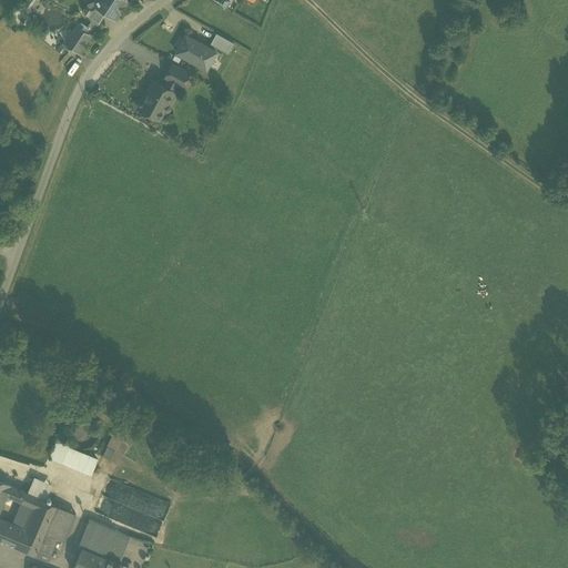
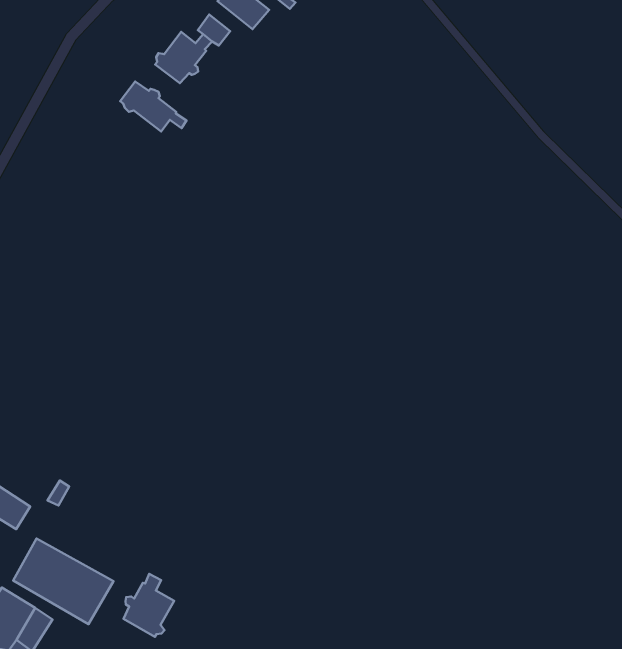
building: none -> [120,81,187,131]
building: none -> [123,574,174,637]

